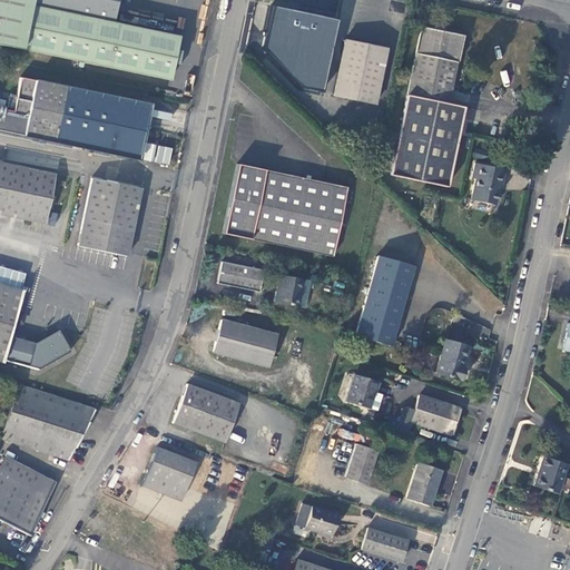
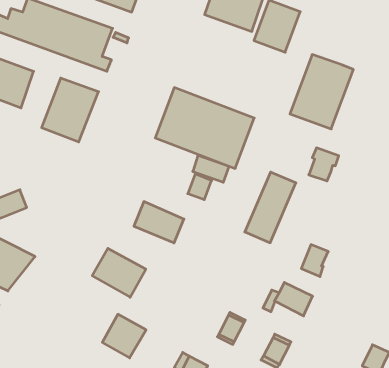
building: [410,29,464,105] -> none
building: [470,159,504,199] -> [309,148,339,181]
building: [220,259,266,288] -> [193,156,229,182]
building: [346,373,380,409] -> none
building: [144,448,197,501] -> [102,314,146,358]

